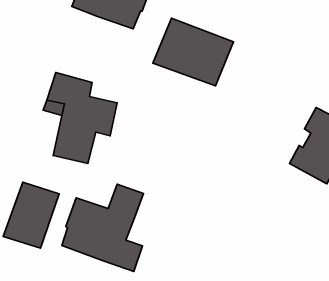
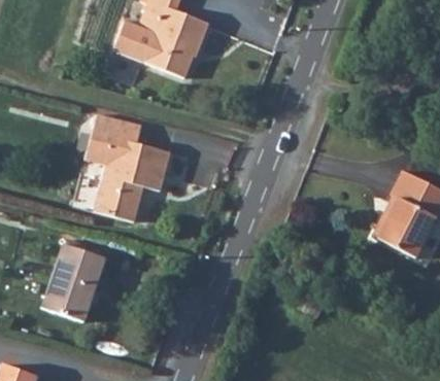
building: [153,18,233,86] -> none
building: [62,184,143,271] -> none

